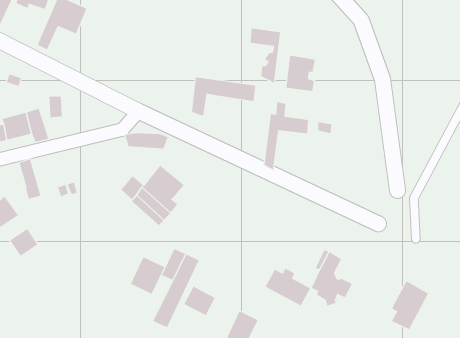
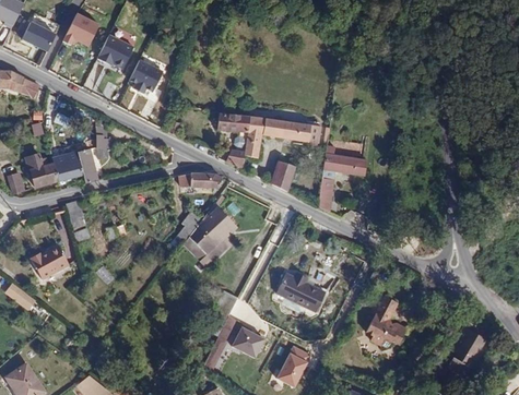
building: none -> [127,58,167,96]
building: [250,28,281,84] -> [215,111,247,168]
building: [286,55,316,92] -> none
building: none -> [269,160,294,190]
building: [10,228,38,257] -> none
building: [130,256,165,294] -> none
building: [265,268,311,306] -> [275,271,322,310]

